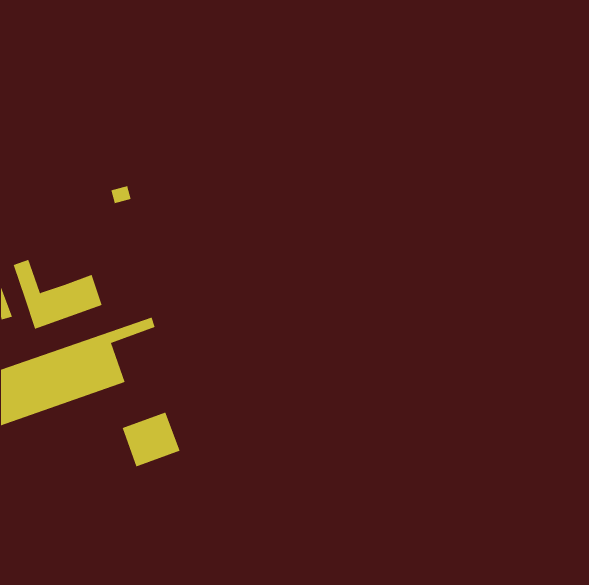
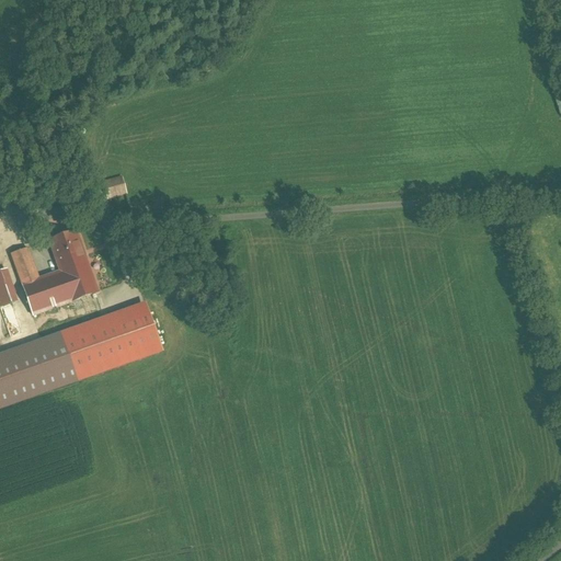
building: none -> [50,230,88,271]
building: [122,412,181,467] -> [106,311,162,364]

